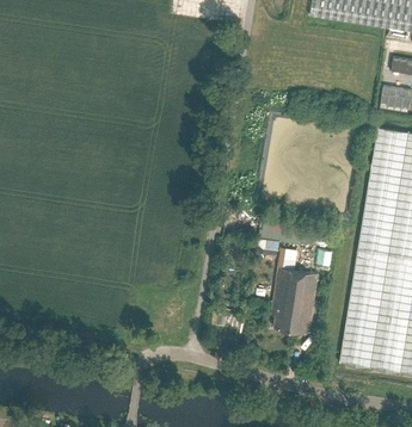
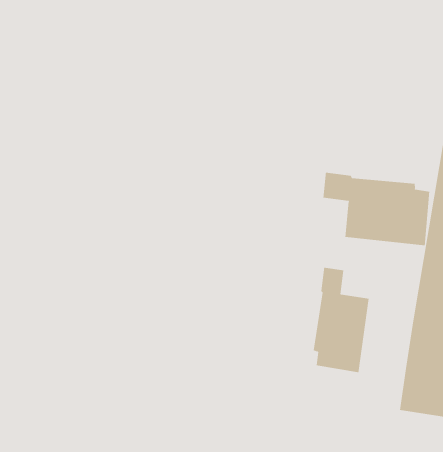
building: none -> [323,172,430,246]

